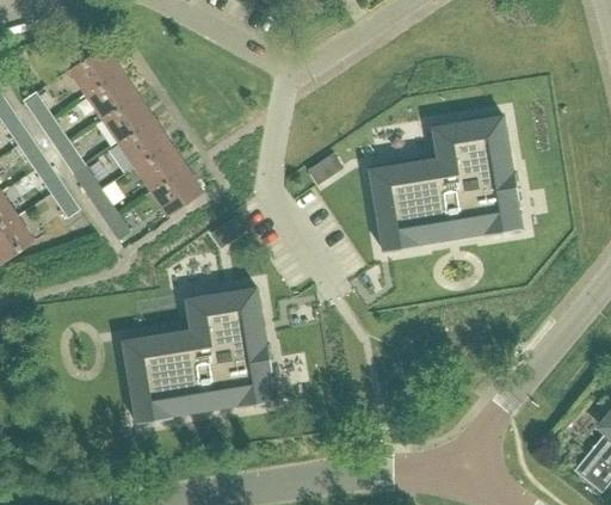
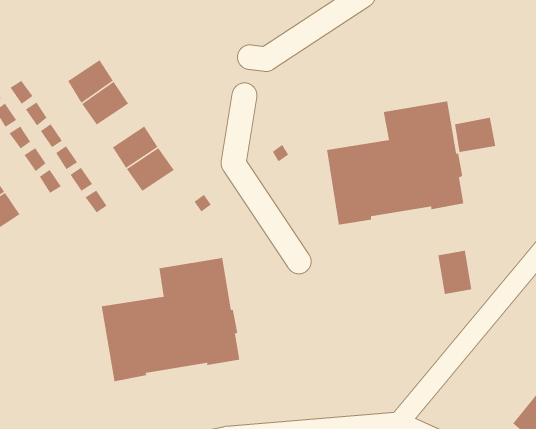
building: [68,45,122,94] -> none
building: [118,119,171,167] -> none
building: none -> [454,117,496,153]
building: none -> [437,250,472,295]

